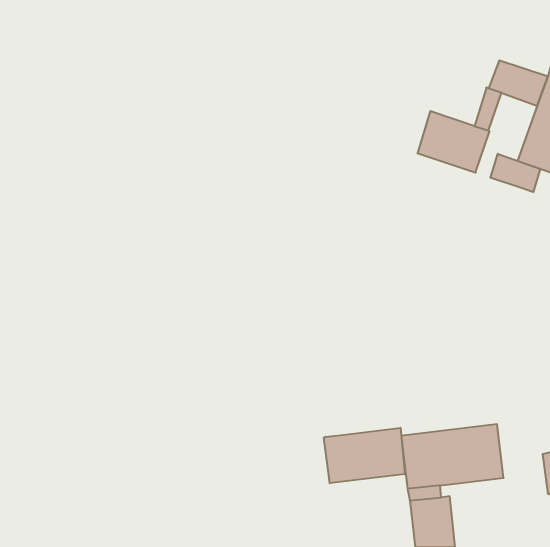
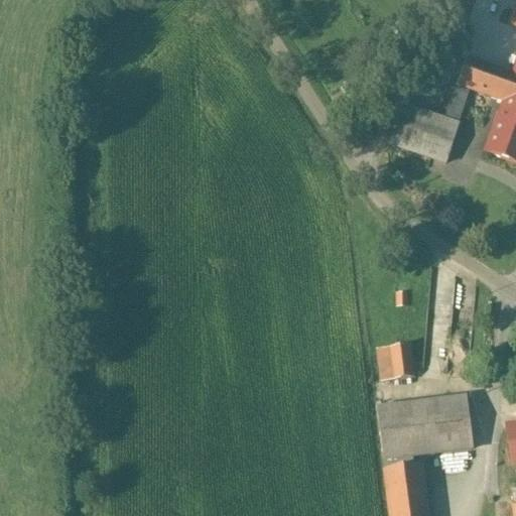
building: [490,154,540,192] -> none
building: none -> [389,344,413,378]
building: [324,428,405,483] -> none

